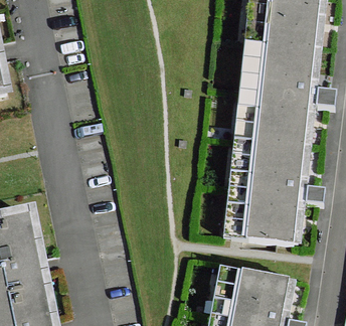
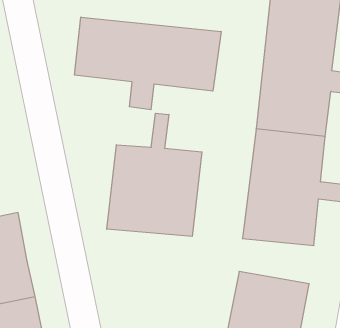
building: none -> [75,17,221,110]
building: none -> [107,113,202,236]

